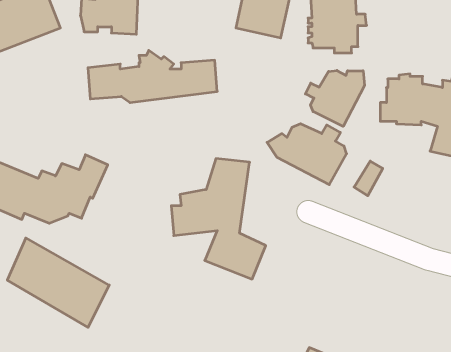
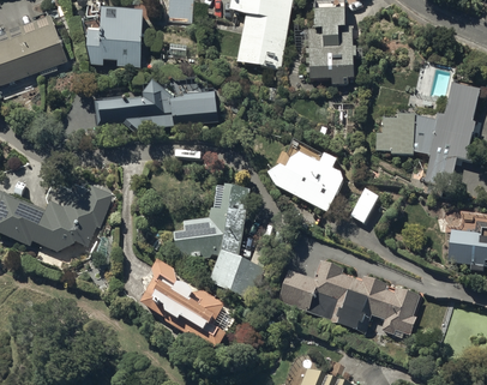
building: [305,70,364,126] -> none
building: none -> [276,254,426,339]
building: [7,238,109,327] -> [137,261,235,348]

